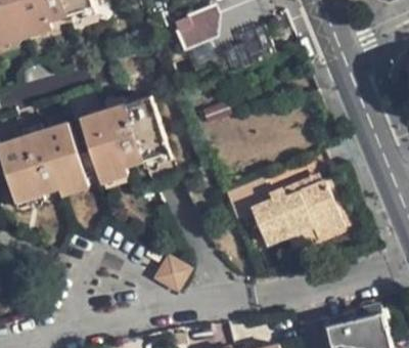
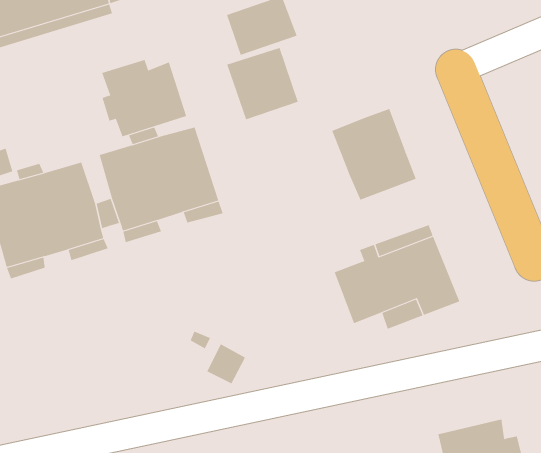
building: none -> [226,47,299,120]
building: none -> [102,59,187,137]
building: none -> [331,108,416,200]

